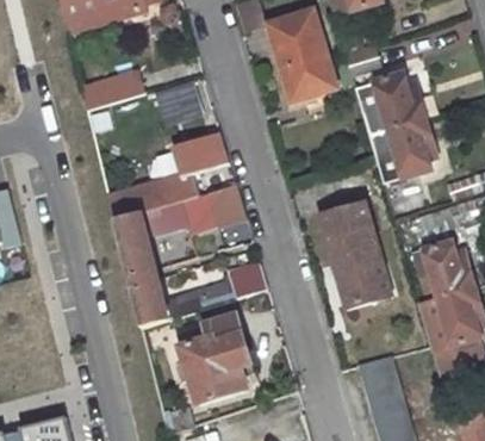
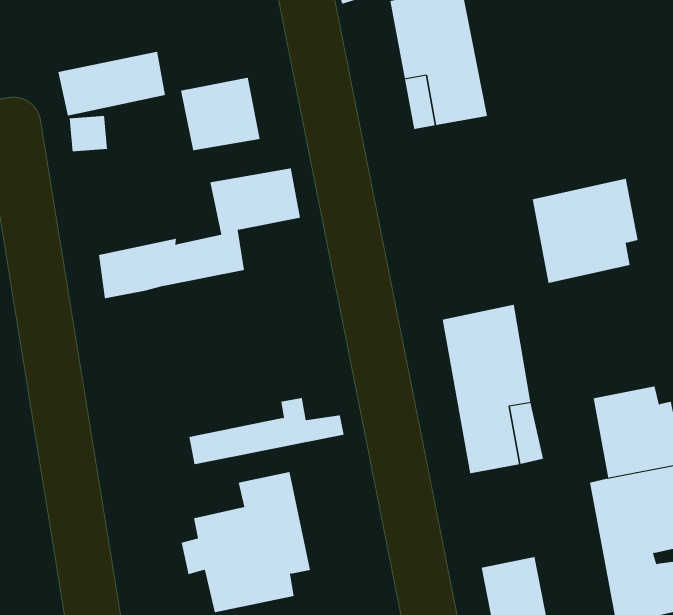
building: [355,75,425,138] -> none
building: [151,185,245,236] -> none
building: [117,215,169,328] -> none

